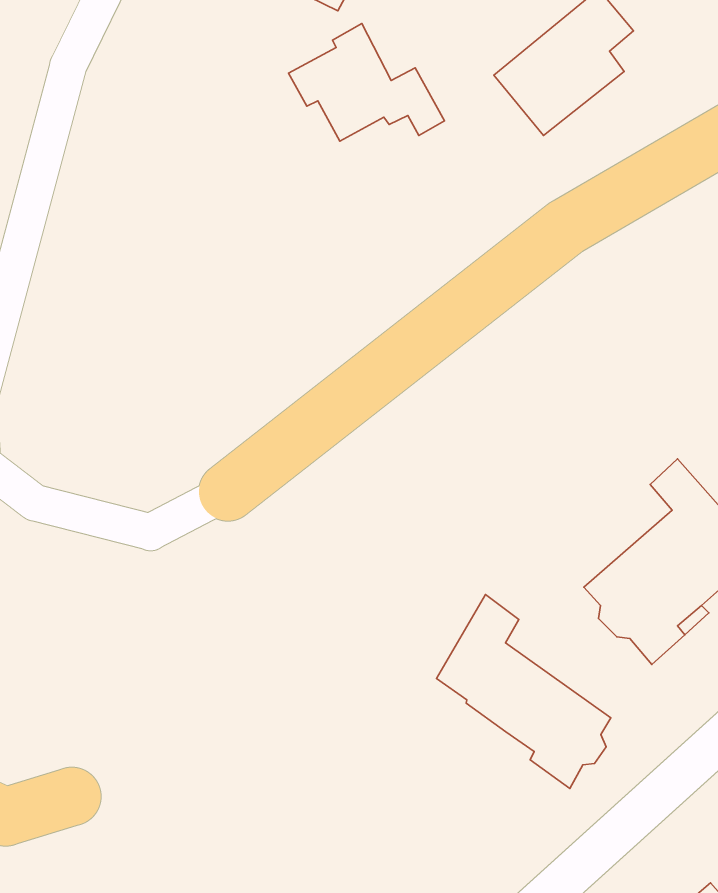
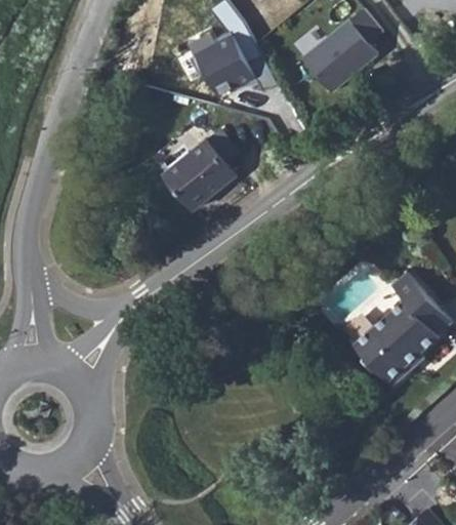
building: none -> [165,129,238,210]
building: [436,594,611,788] -> none

